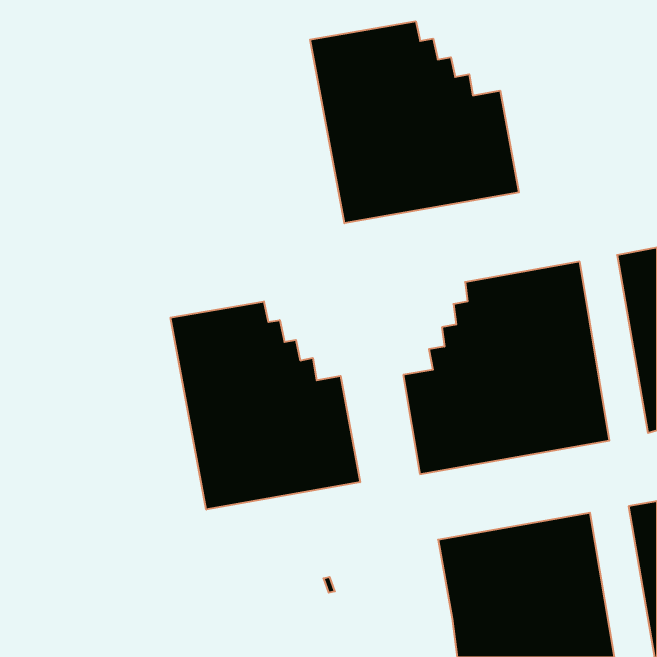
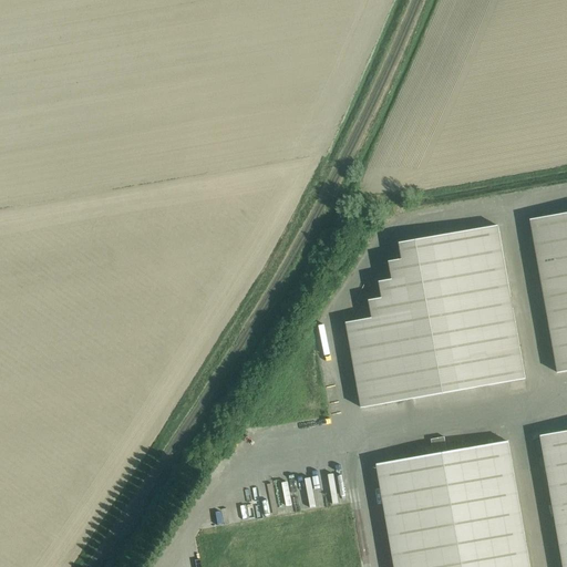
building: [310,21,519,223] -> none
building: [171,301,360,510] -> none

